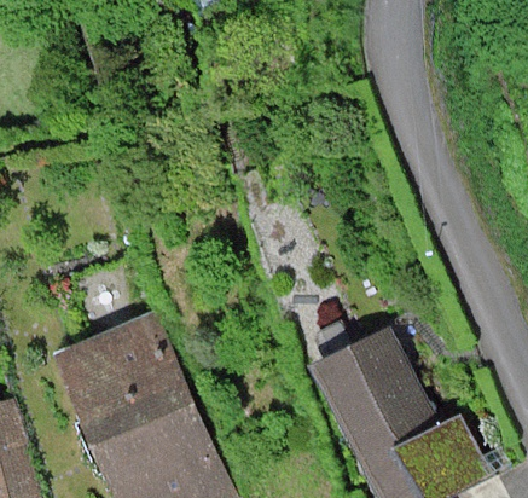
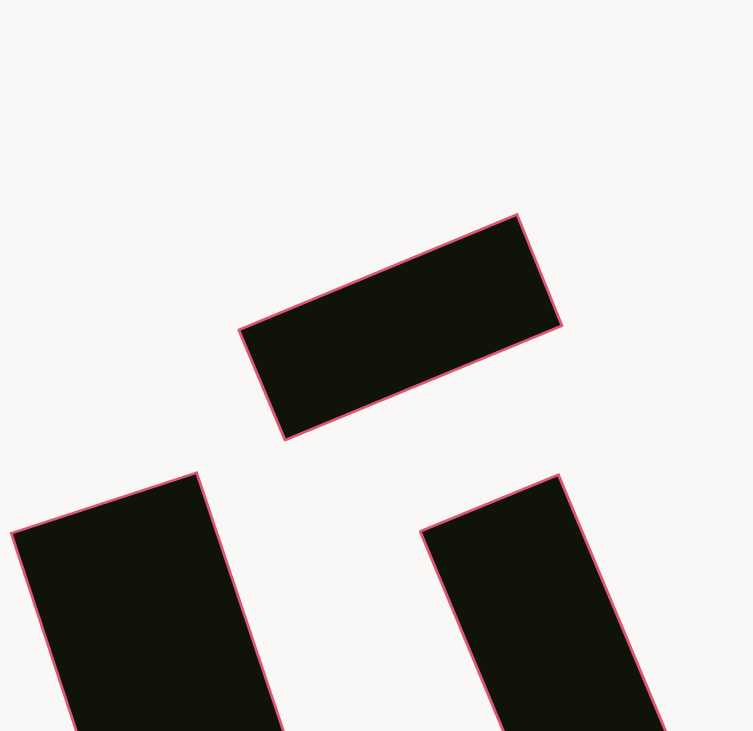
building: none -> [239,214,562,440]

